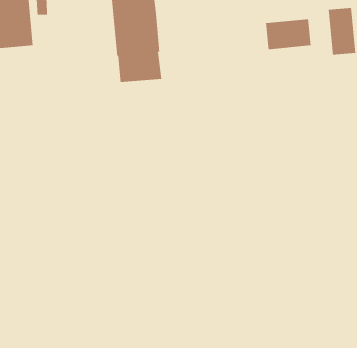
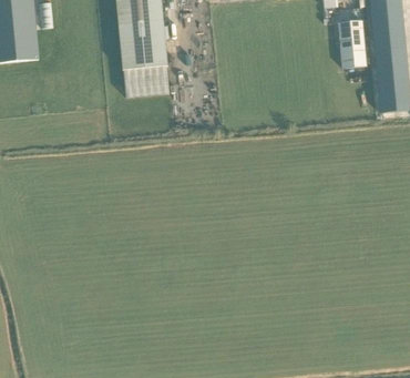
building: [266,18,311,50] -> none

